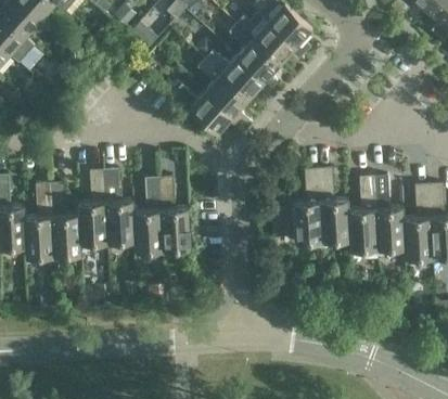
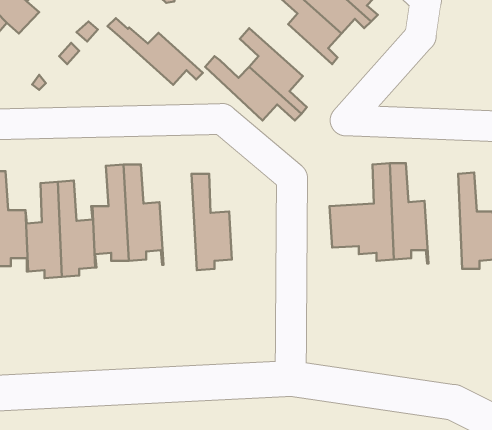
building: [195,43,272,98] -> [108,18,203,85]
building: [132,177,163,256] -> none
building: [347,177,377,255] -> none

